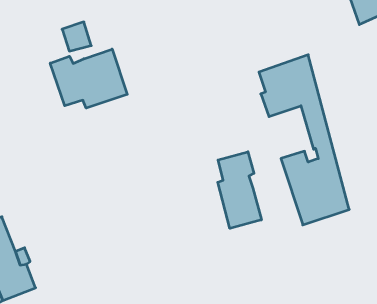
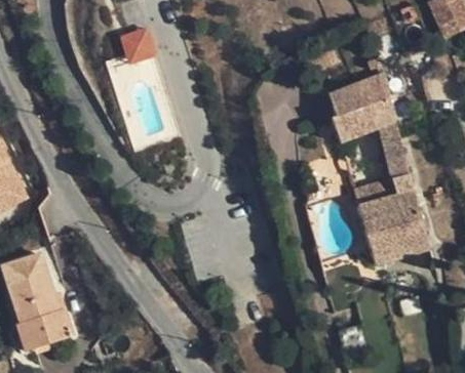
building: [50,49,127,108] -> none
building: [218,152,261,228] -> none

